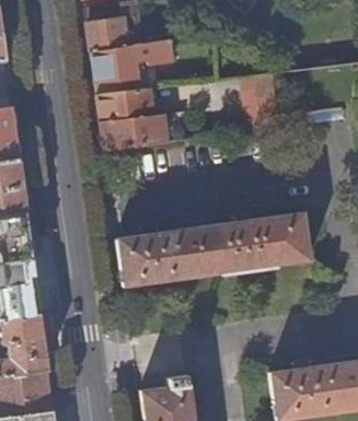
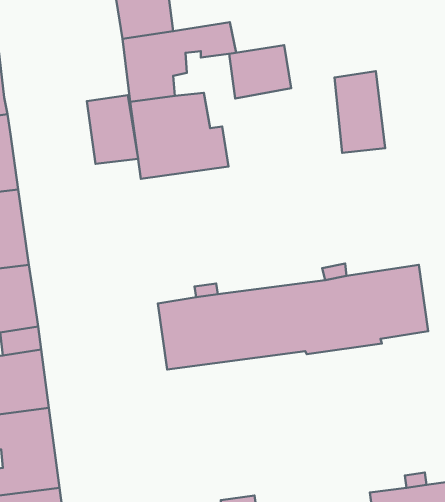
building: none -> [229,45,291,99]
building: none -> [87,95,138,164]

